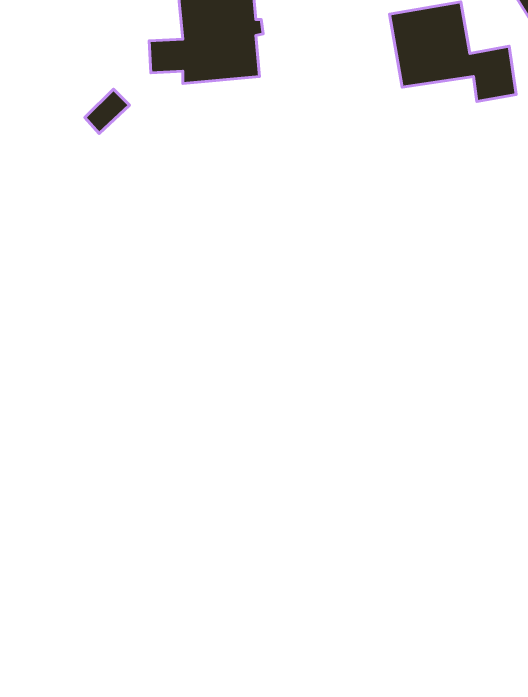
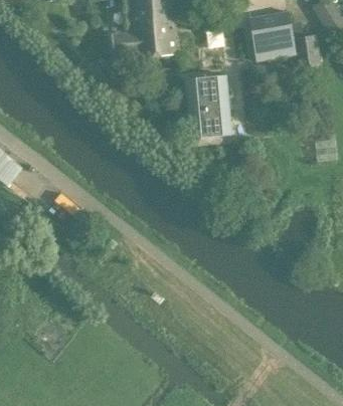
building: none -> [186,73,231,140]

